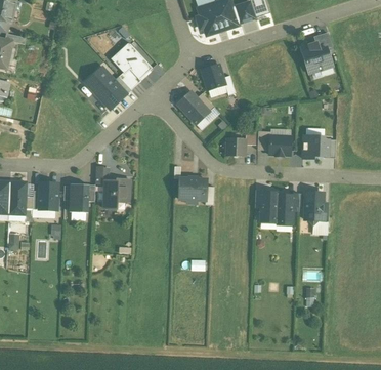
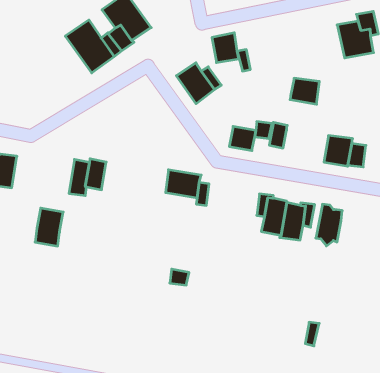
building: [268,135,290,154] -> [290,78,319,104]
building: [69,182,88,211] -> [35,208,63,246]

